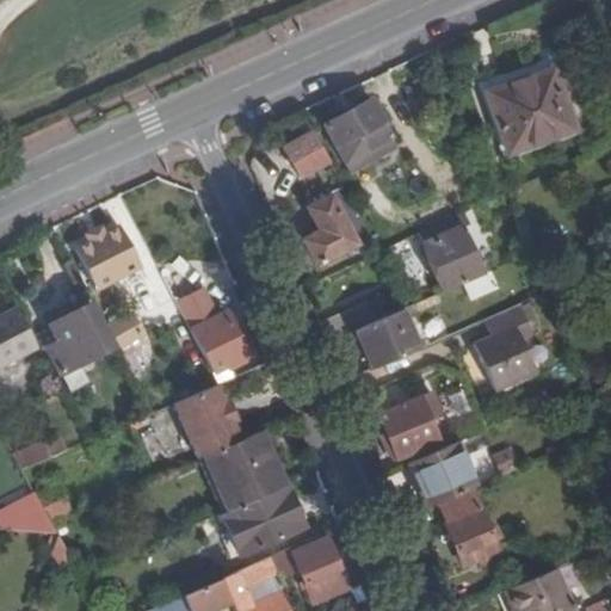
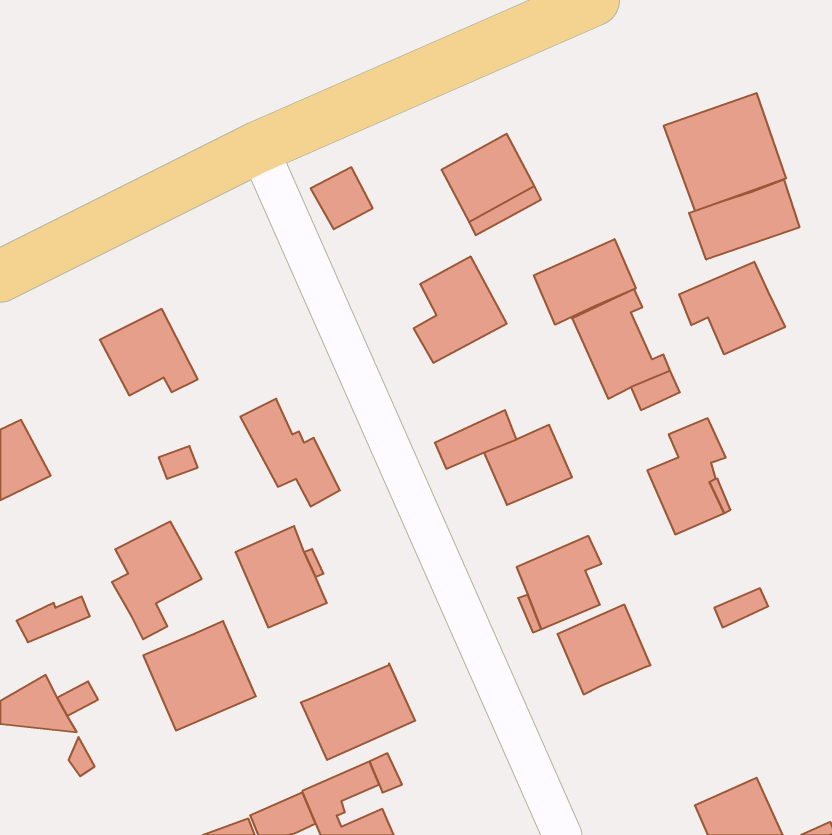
building: none -> [689,179,799,260]
building: [285,131,331,177] -> [311,167,373,229]
building: none -> [534,239,636,325]
building: none -> [679,262,785,354]
building: [48,304,113,390] -> [112,522,202,639]
building: [204,431,286,511] -> [143,621,256,731]
building: [440,487,504,564] -> none
building: [294,544,350,603] -> none

